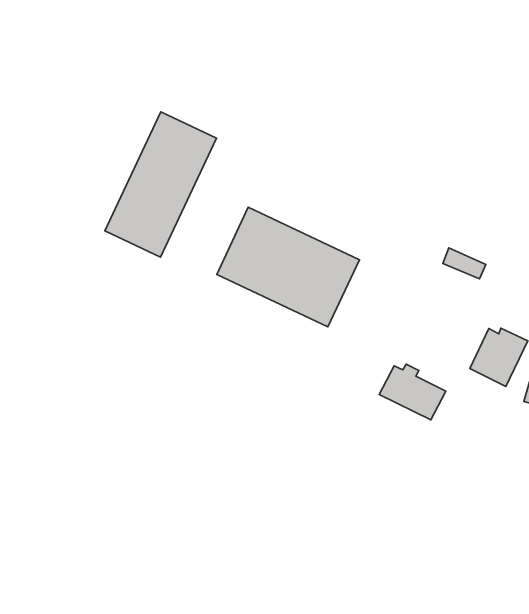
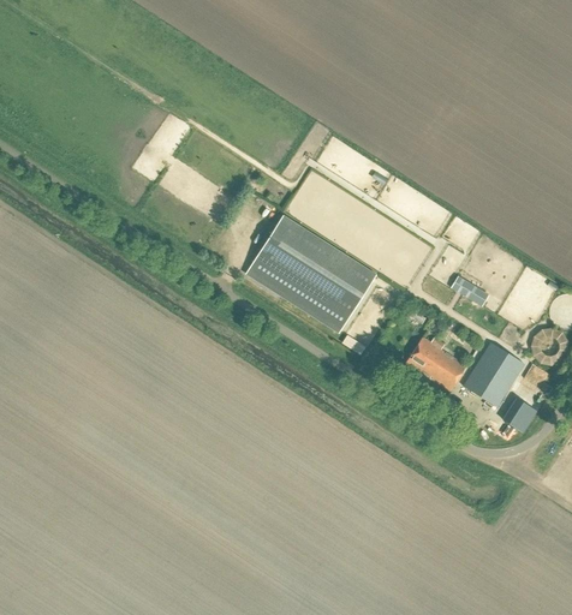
building: [105,112,216,257] -> none
building: [379,364,446,420] -> [406,339,466,392]

